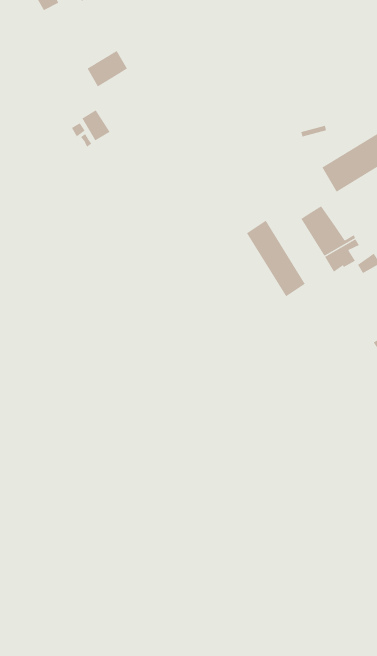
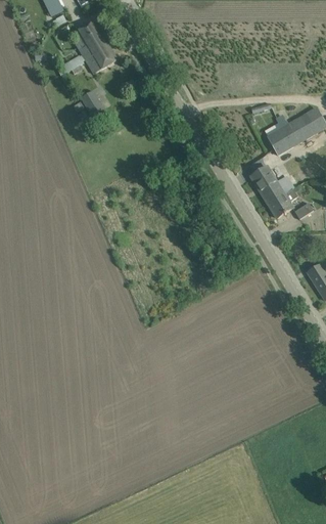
building: none -> [59,19,108,73]
building: [246,220,306,297] -> none

